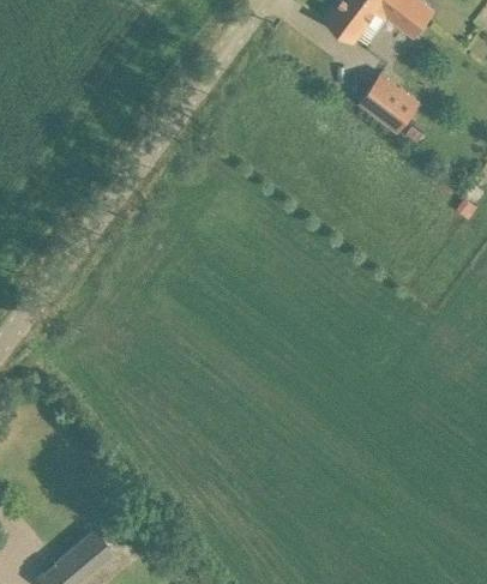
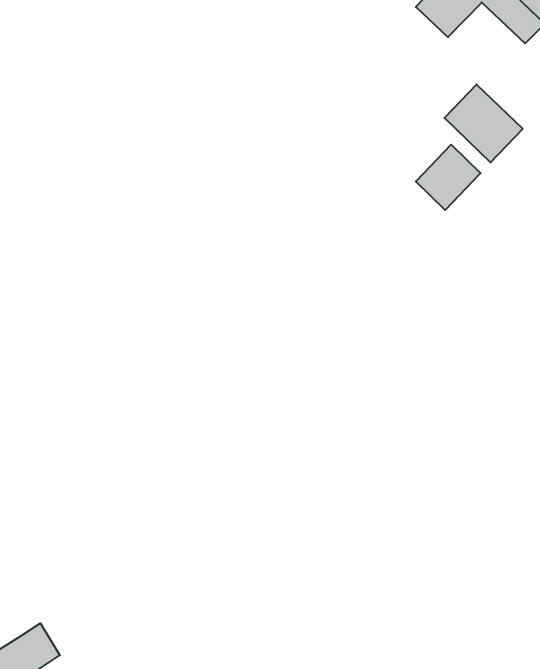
building: none -> [416,145,481,210]

